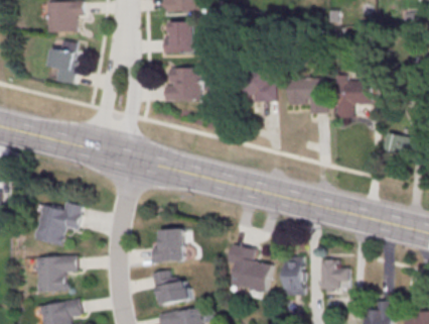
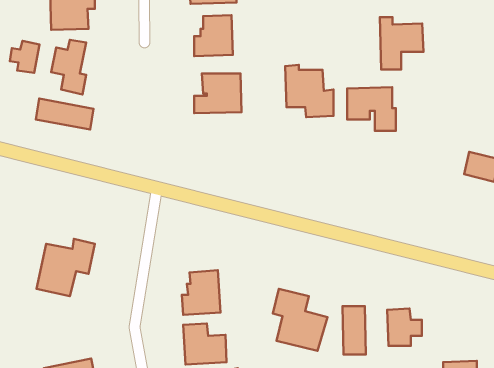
building: none -> [10,41,40,73]
building: [335,76,371,118] -> [380,17,424,69]
building: none -> [36,99,94,130]
building: [38,255,78,293] -> none

